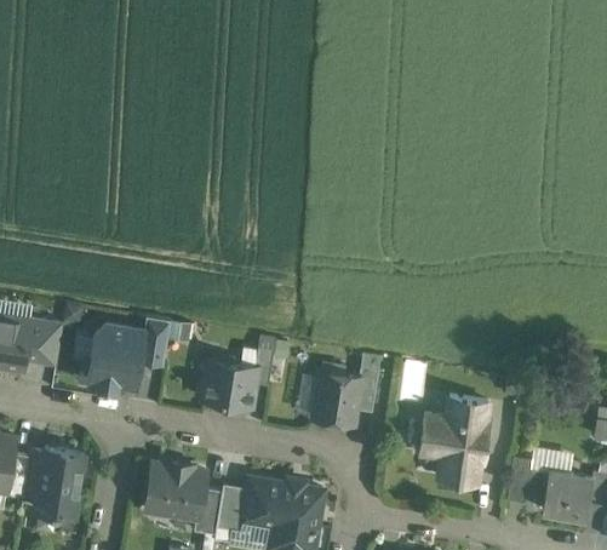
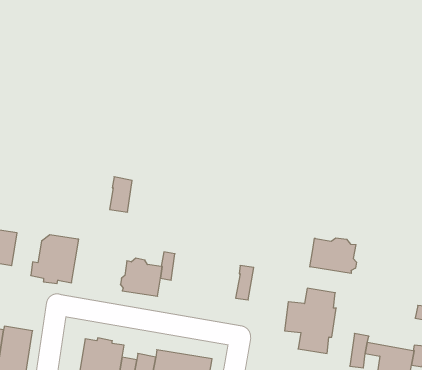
building: [139,317,170,365] -> [110,177,132,212]
building: none -> [310,238,356,273]
building: [313,373,360,425] -> none

